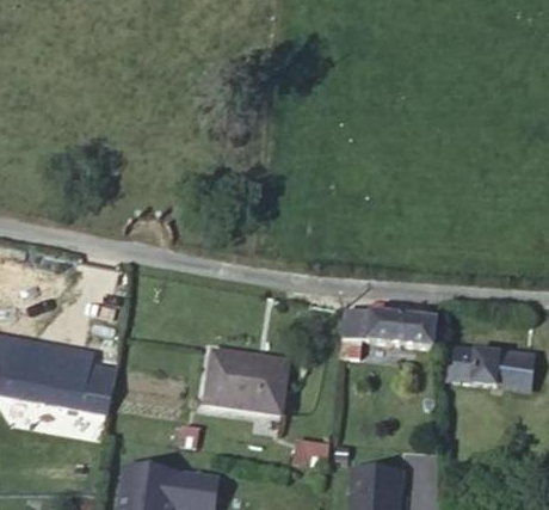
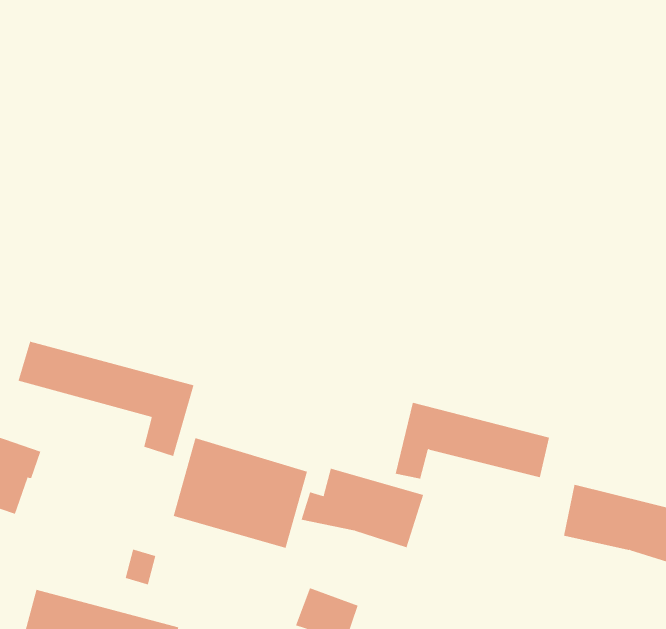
building: none -> [18,341,194,457]
building: none -> [301,468,424,548]

